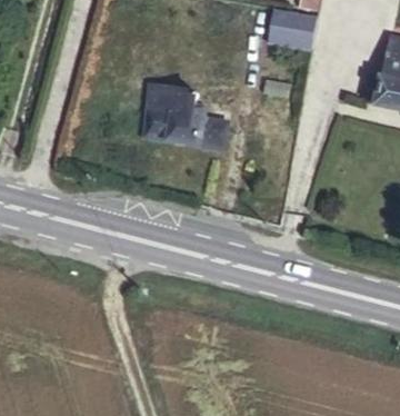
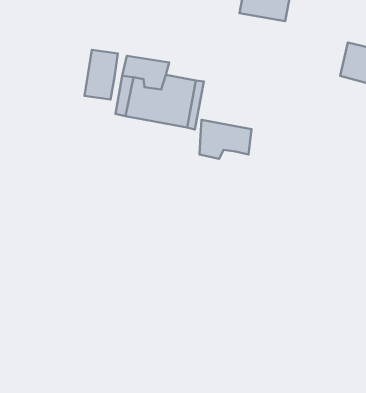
building: none -> [85,50,118,100]
building: none -> [200,120,252,159]

